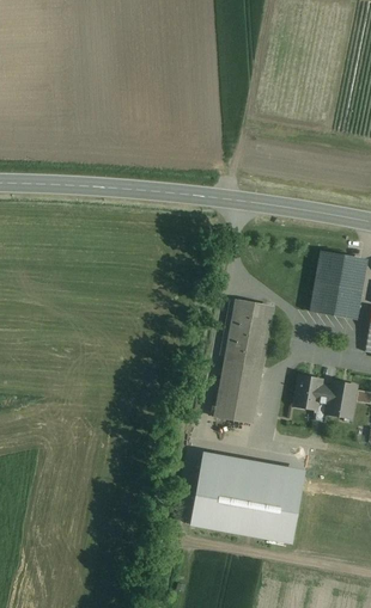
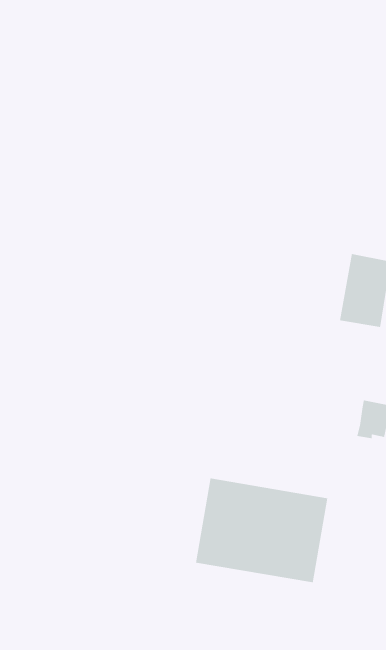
building: [215,300,273,423] -> none
building: [296,375,332,410] -> none

